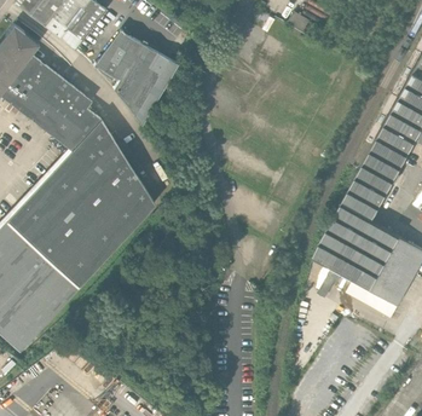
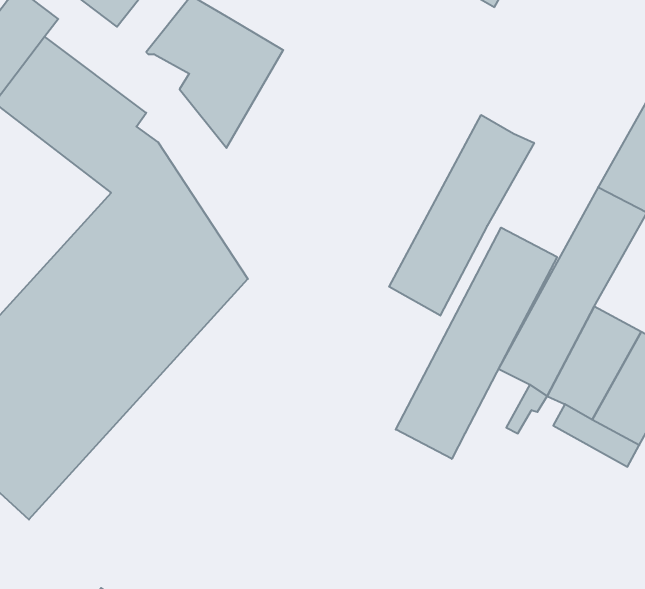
building: none -> [389,115,534,316]
building: none -> [396,228,557,459]

